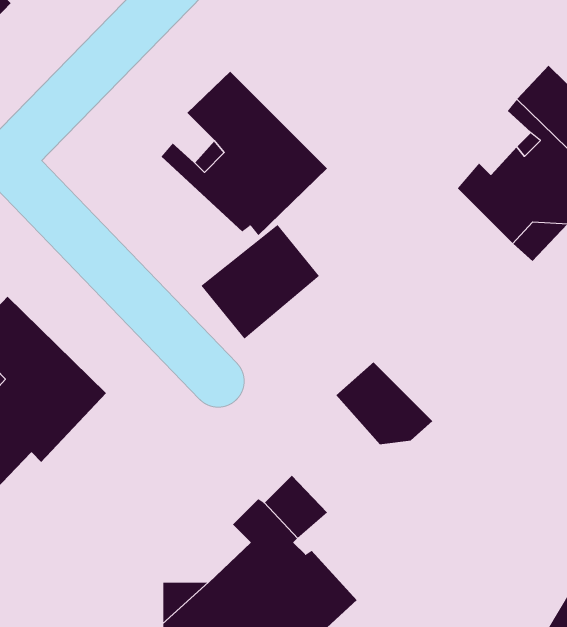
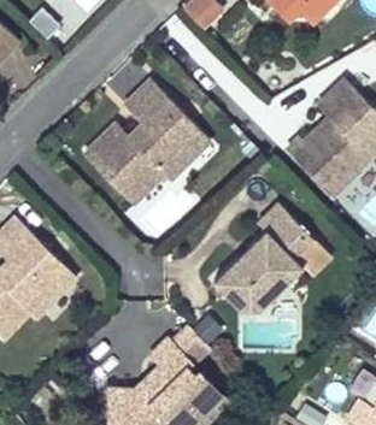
building: none -> [84,132,158,203]
building: none -> [237,200,313,293]

